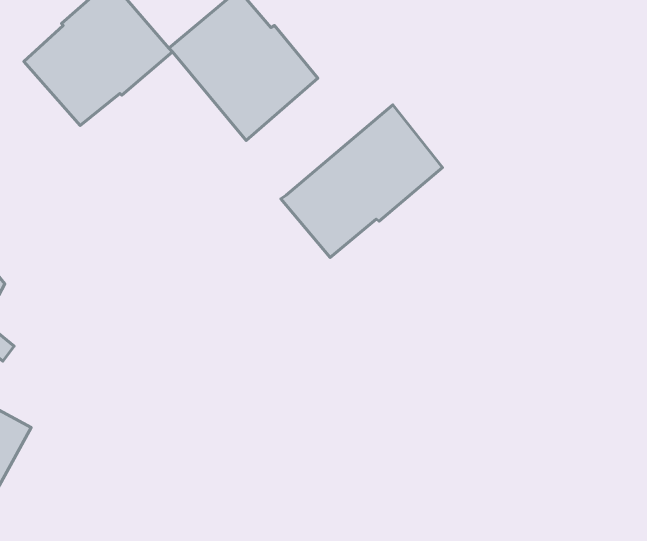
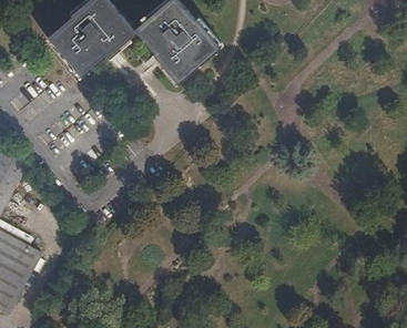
building: [281,105,442,258] -> none

